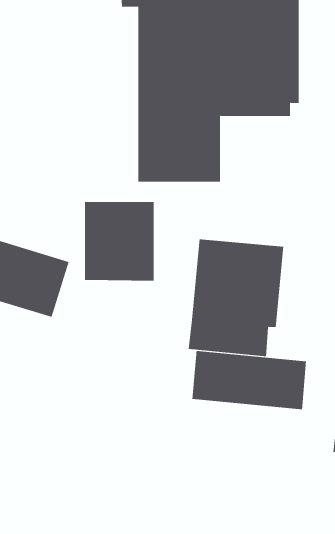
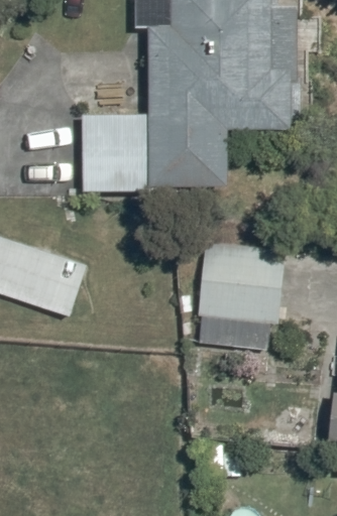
building: [84,201,154,281] -> [85,115,149,188]
building: [192,350,307,410] -> none

